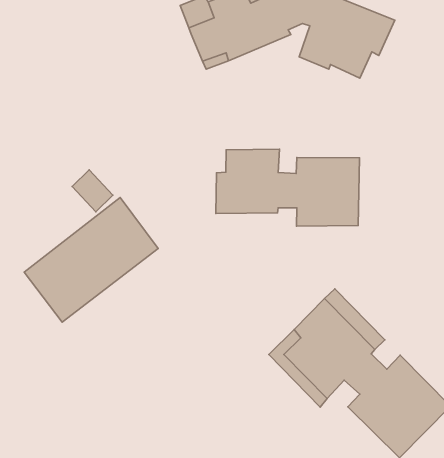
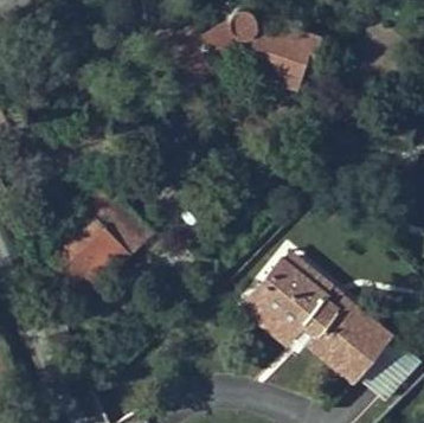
building: [216,149,360,226] -> none

